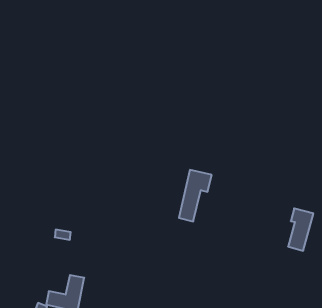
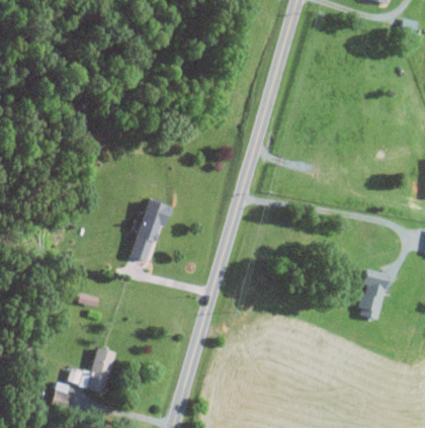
building: [179,170,212,221] -> [132,199,171,261]

